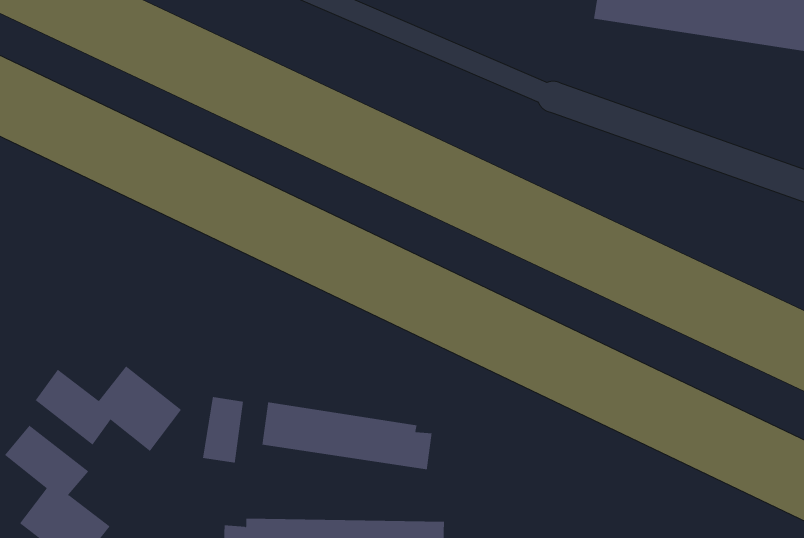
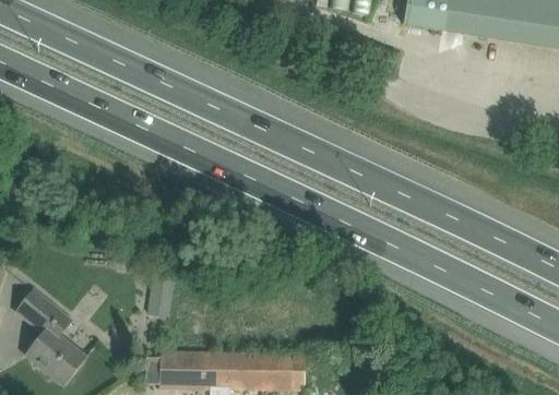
building: [35,366,182,452] -> none
building: [262,402,432,470] -> none

